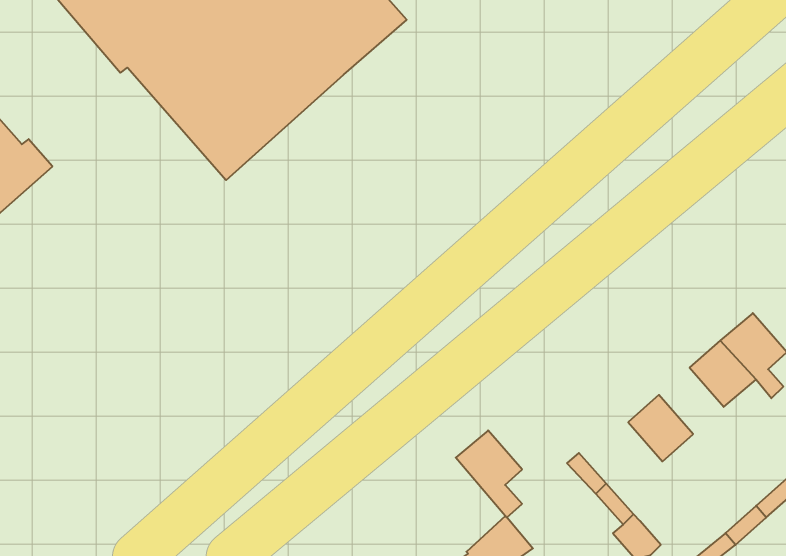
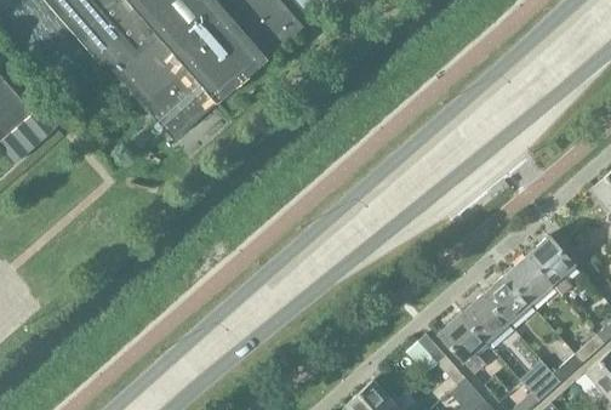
building: none -> [485,274,531,321]
building: [456,430,522,517] -> [440,313,487,375]

